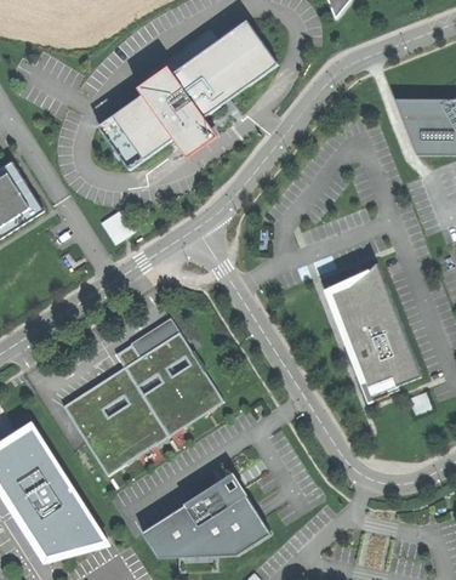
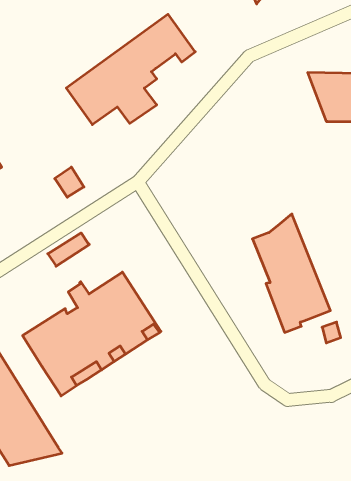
building: [232,19,278,73] -> none
building: [98,115,143,169] -> none
building: [130,317,178,356] -> [48,233,89,266]
building: [142,482,270,557] -> none

